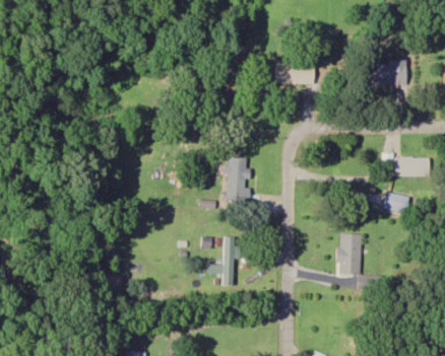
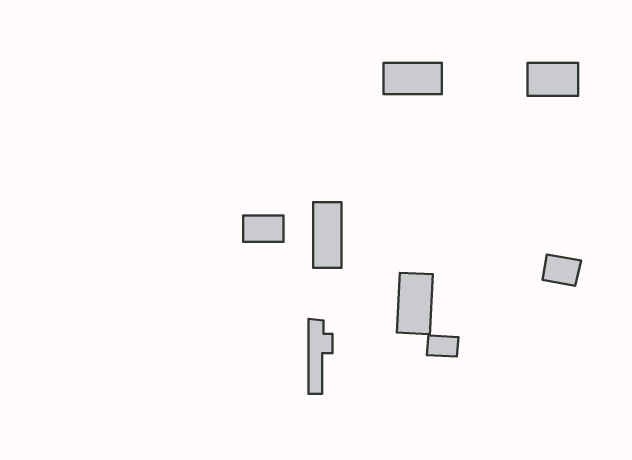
building: [394,158,428,175] -> none
building: none -> [243,216,284,242]
building: [336,233,378,290] -> [397,273,458,357]

